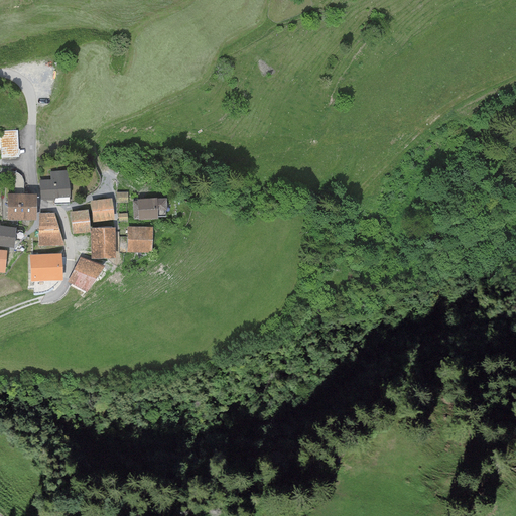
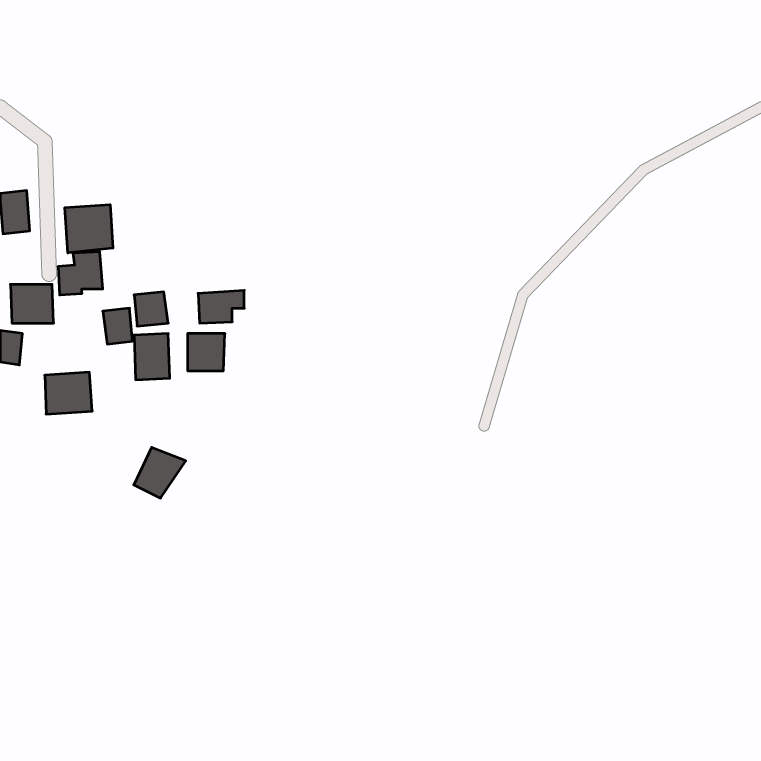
building: none -> [65,205,113,253]
building: [39,212,63,246] -> none
building: [69,256,104,290] -> [134,447,186,498]

